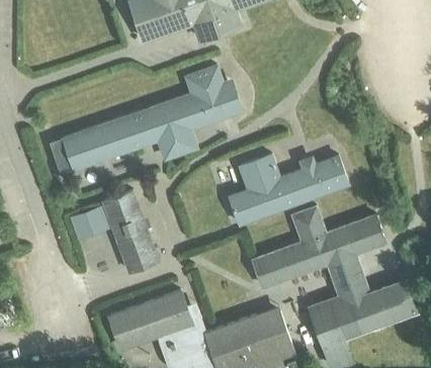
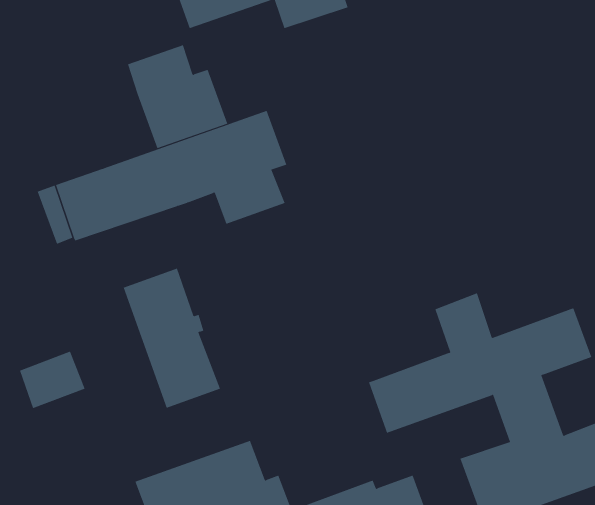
building: [183,62,245,125] -> [127,44,228,149]
building: [229,154,350,223] -> none
building: [70,205,110,241] -> [19,351,85,409]

